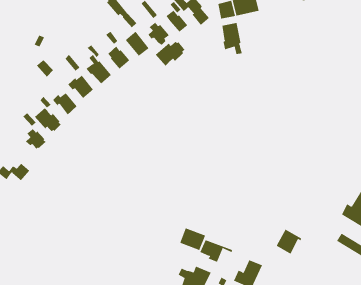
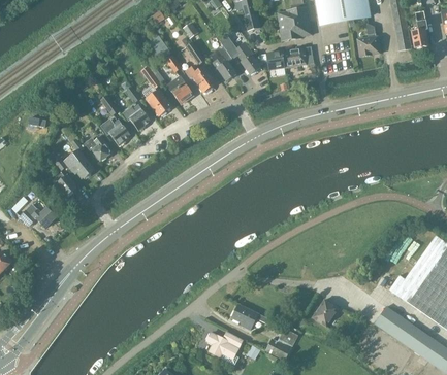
building: [222,22,243,55] -> none
building: [155,41,185,66] -> none
building: [179,227,206,251] -> none

